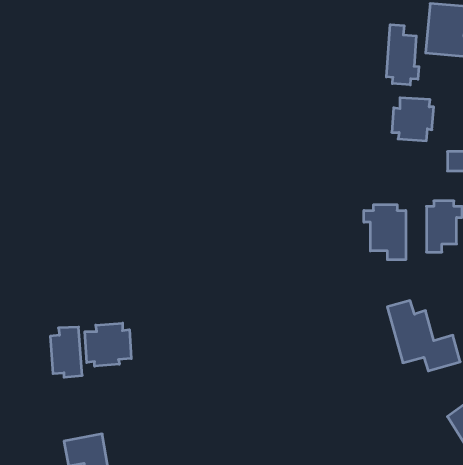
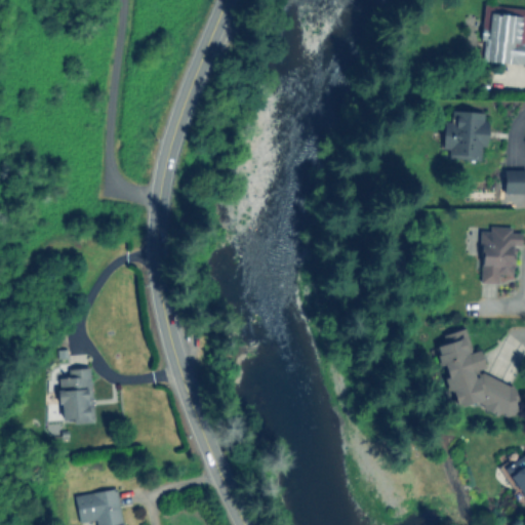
building: [386,25,419,85] -> none
building: [364,205,406,260] -> none
building: [85,323,131,366] -> none

